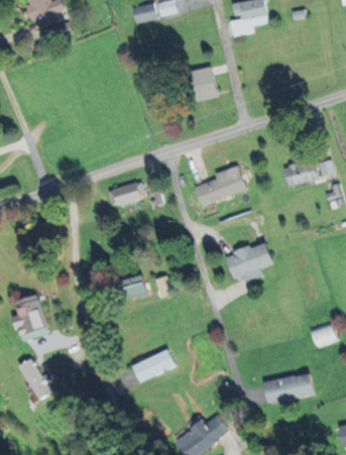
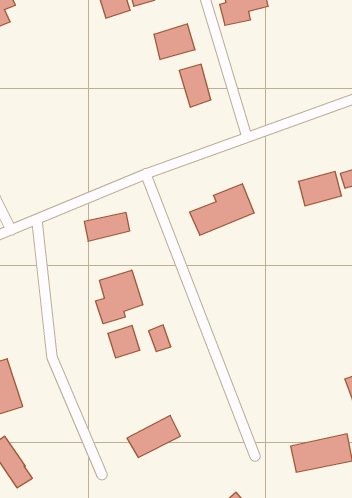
building: none -> [154,24,195,60]
building: none -> [96,270,143,324]
building: [225,242,272,281] -> none

